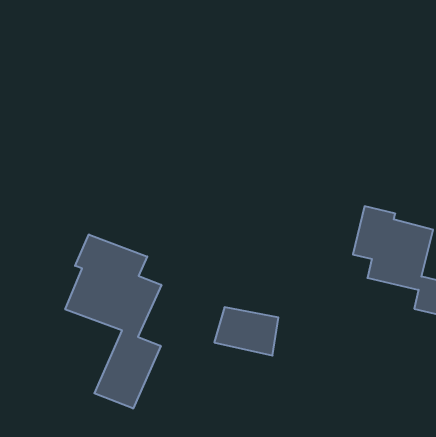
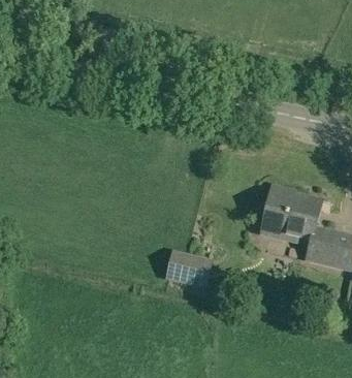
building: [65,234,161,409] -> none

